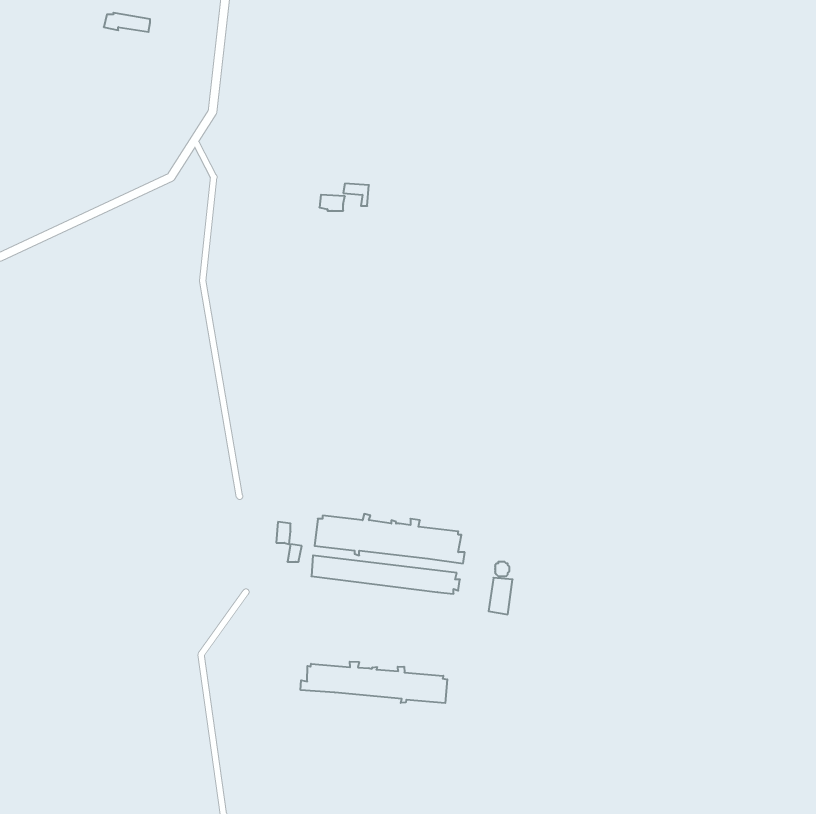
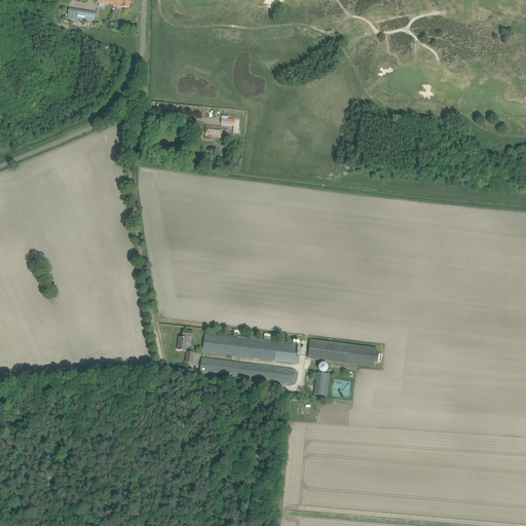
building: none -> [307,338,381,366]
building: [301,662,447,703] -> none

